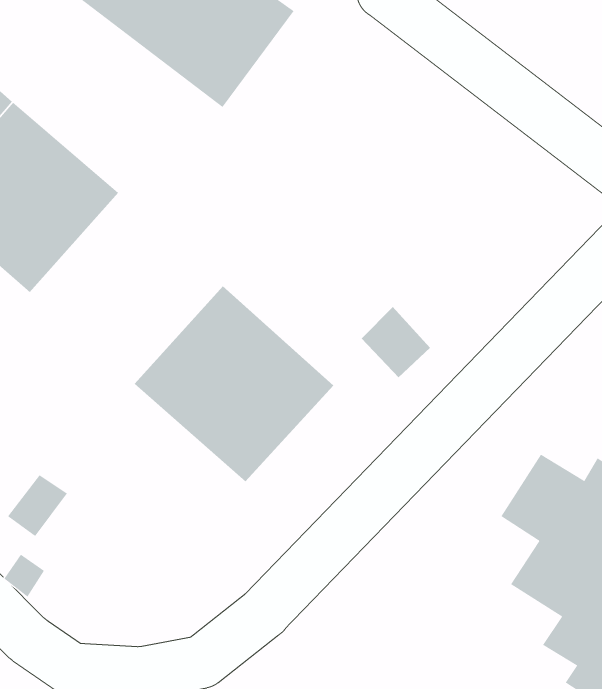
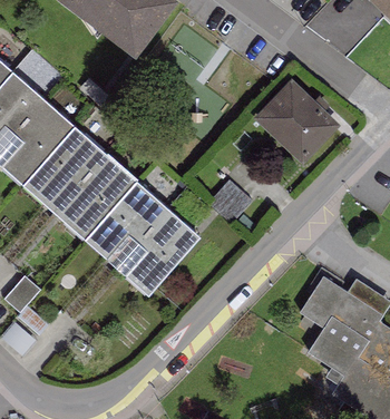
building: none -> [253,76,340,163]
building: none -> [21,121,135,234]

